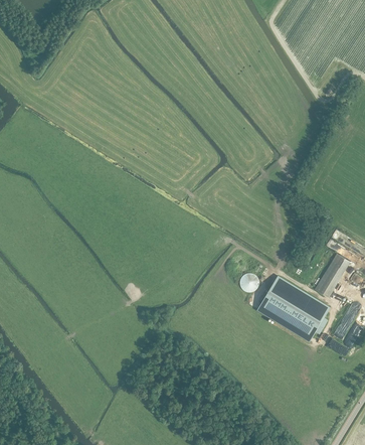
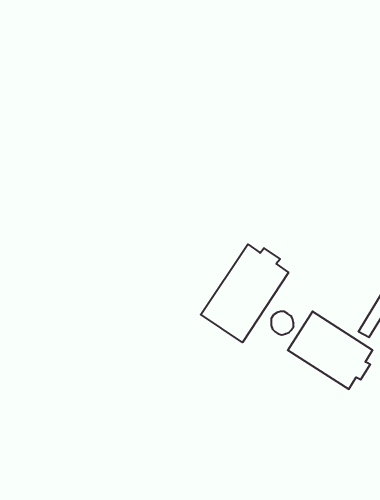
building: none -> [201,244,288,342]

